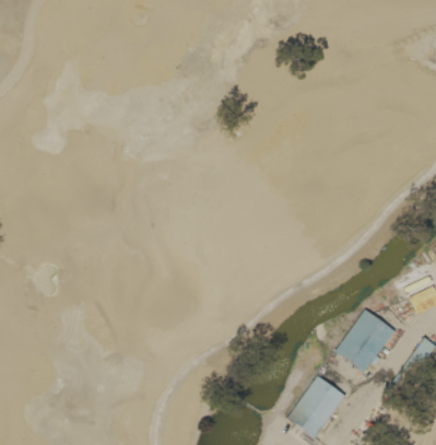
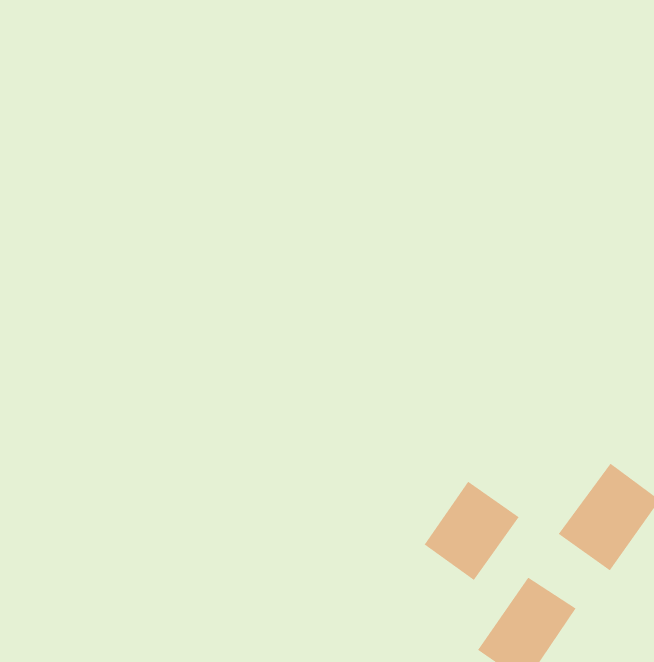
building: none -> [424,481,520,581]

